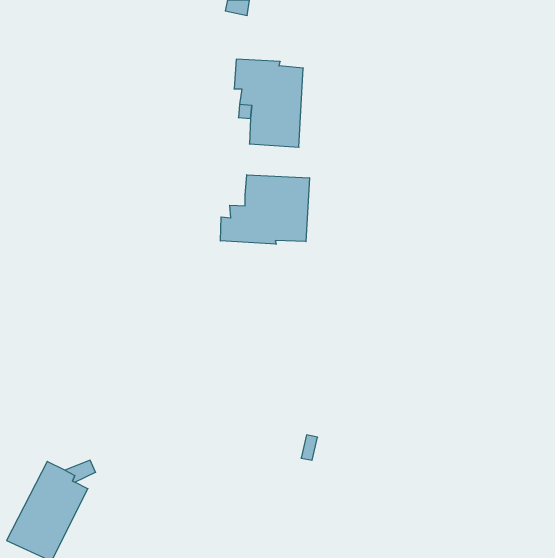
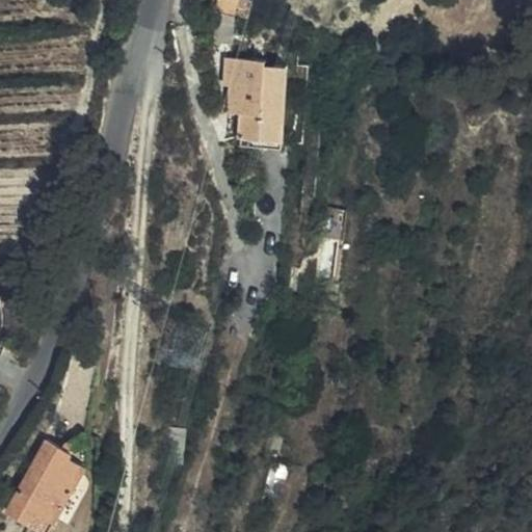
building: [220,175,309,244] -> none

